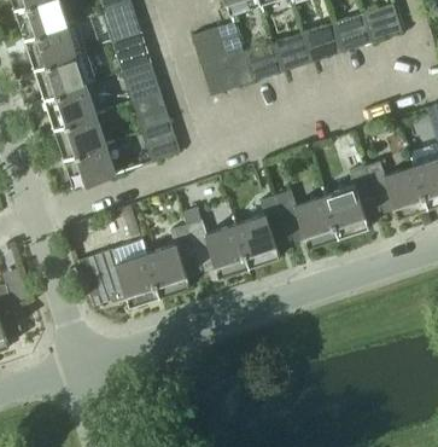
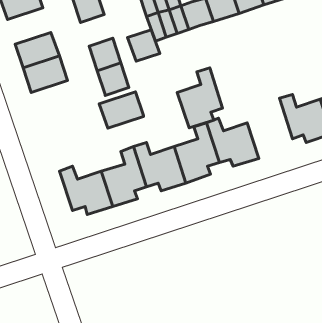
building: [31,48,94,97] -> none
building: [121,60,160,99] -> [127,30,160,61]
building: [60,141,115,186] -> [99,92,143,128]
building: [325,163,380,237] -> [177,68,223,128]

